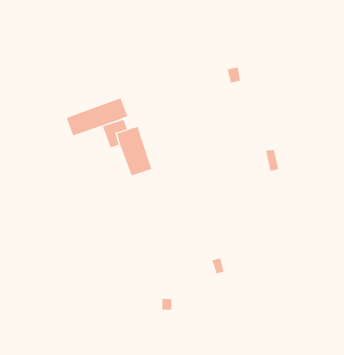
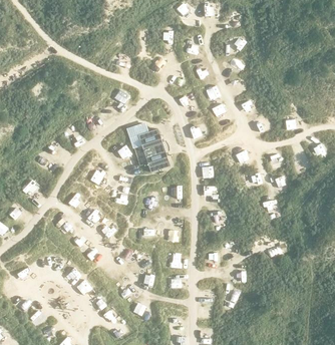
building: [66,97,128,136] -> none

